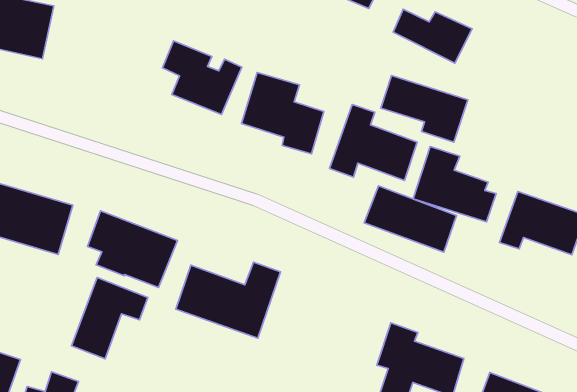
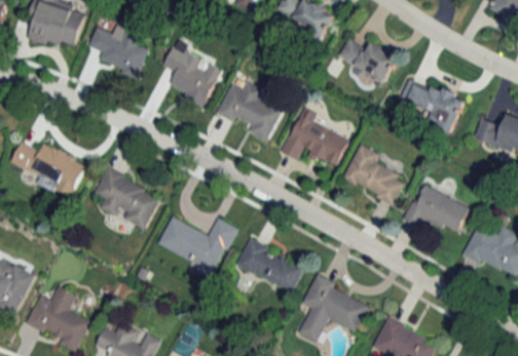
building: none -> [88,25,148,78]
building: [381,76,468,142] -> [399,76,465,130]
building: [364,186,457,252] -> [235,238,305,292]
building: [72,278,148,359] -> none

